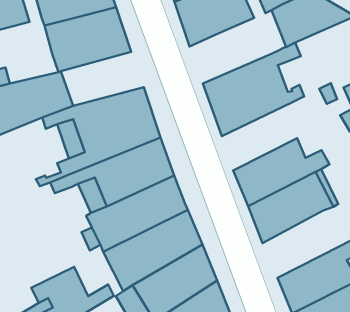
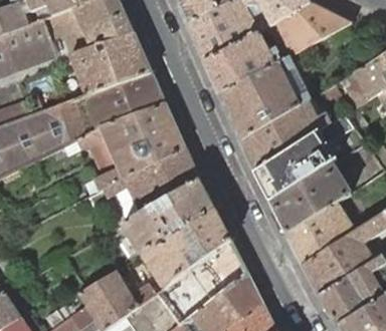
building: none -> [204,32,284,95]
building: none -> [89,72,166,125]
building: none -> [240,100,332,172]
building: none -> [285,201,357,265]

